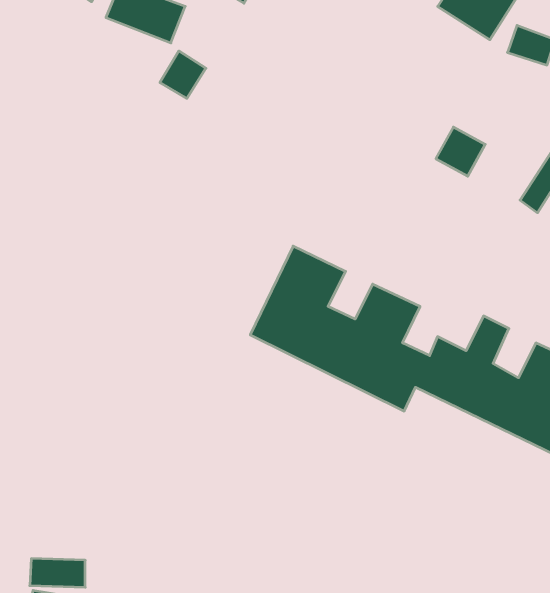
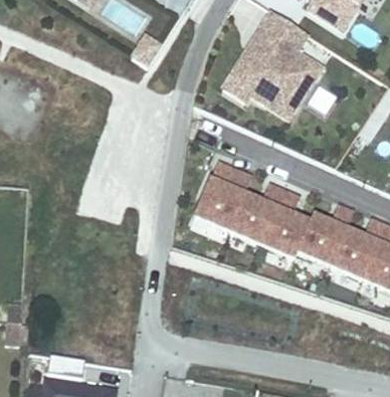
building: none -> [218,6,322,120]

